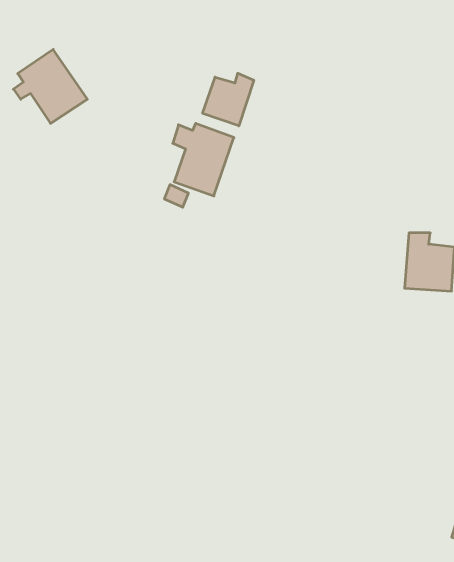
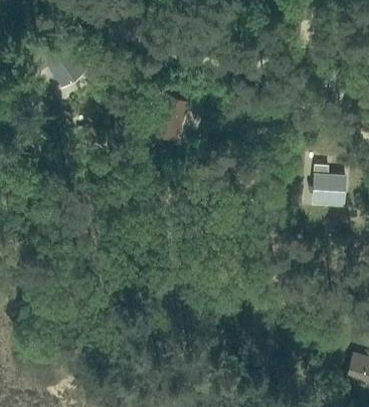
building: [203,73,254,126] -> none

